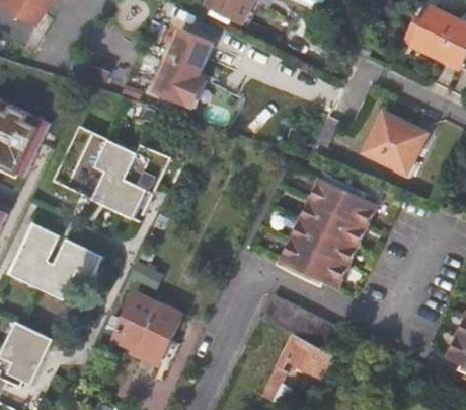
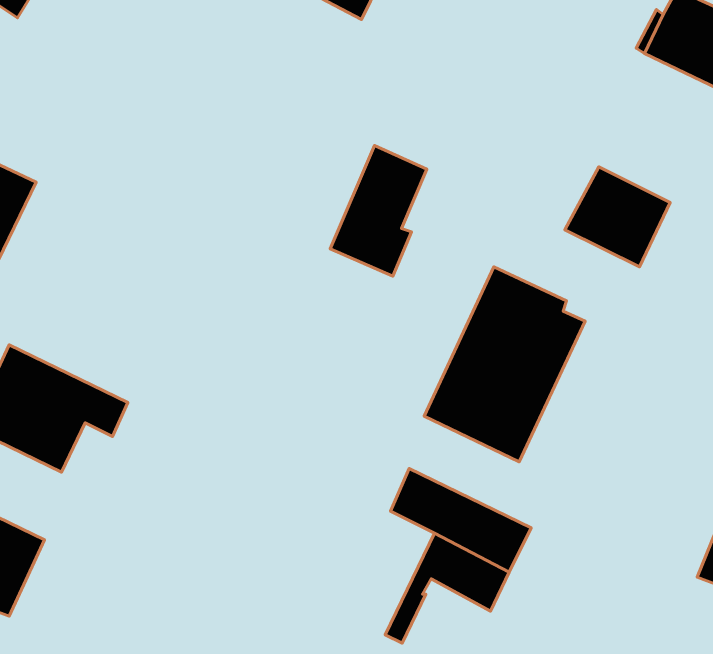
building: [153,29,211,108] -> [330,146,427,276]
building: [54,127,169,221] -> none
building: [112,294,182,369] -> none

